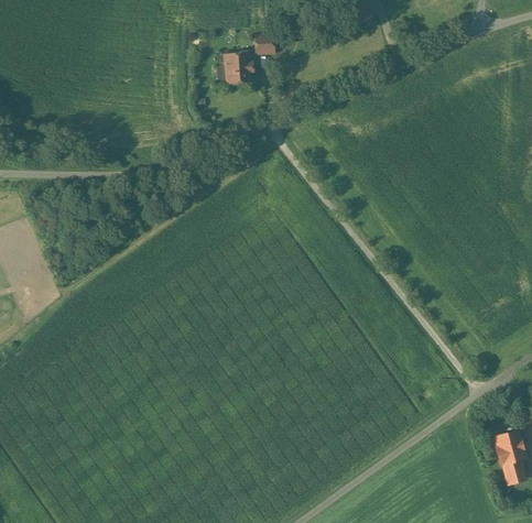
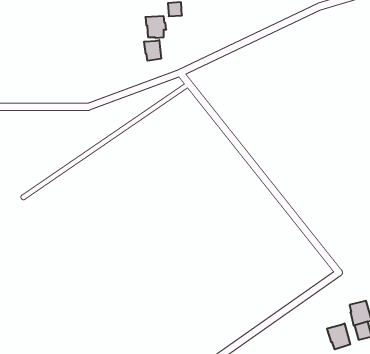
building: none -> [144,40,161,61]
building: none -> [327,323,350,349]

